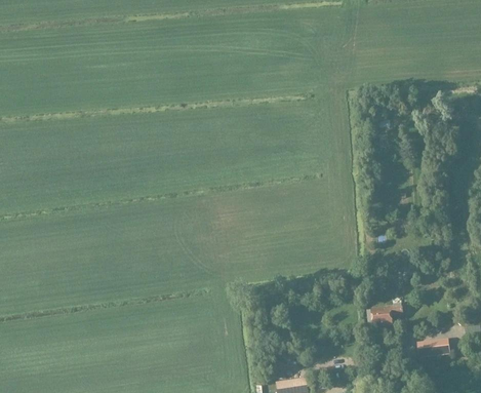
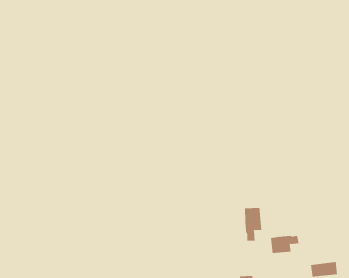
building: none -> [244,207,262,242]

